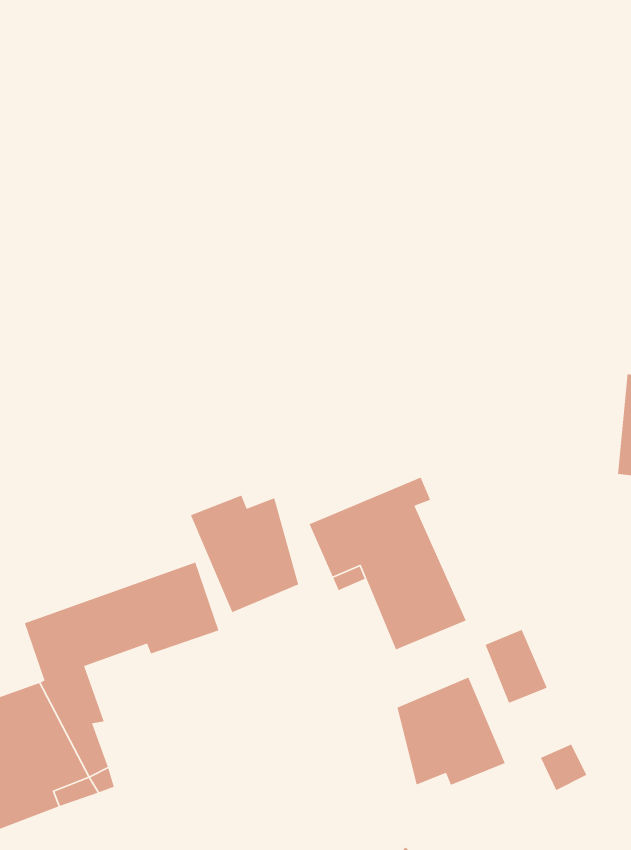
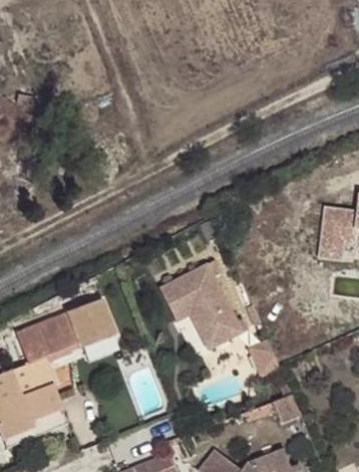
building: [190,494,299,613] -> none
building: [396,677,506,786] -> none

